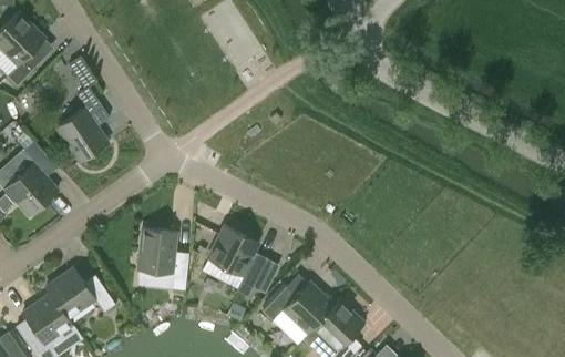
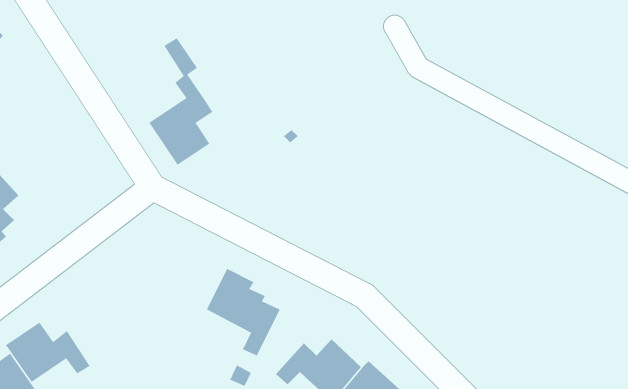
building: [58,59,110,162] -> [148,38,213,165]
building: [140,230,188,292] -> none

